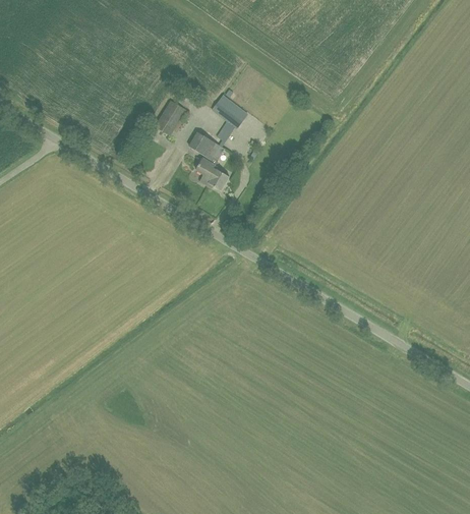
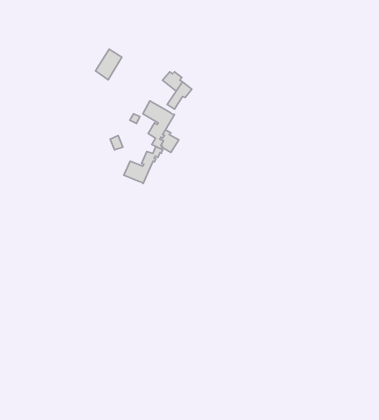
building: [156,100,185,134] -> [96,49,122,80]
building: none -> [124,147,163,183]

